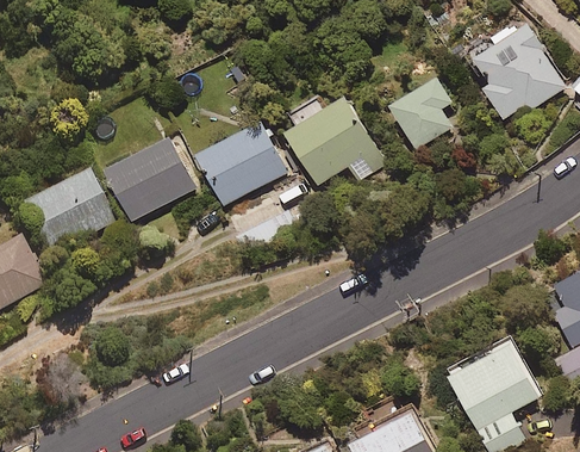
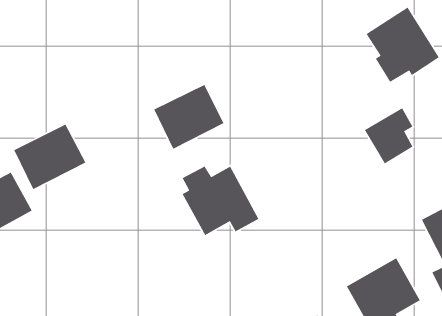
building: [387,78,450,150] -> [364,107,414,165]
building: [289,94,388,184] -> [182,166,260,236]
building: [108,136,200,219] -> none

